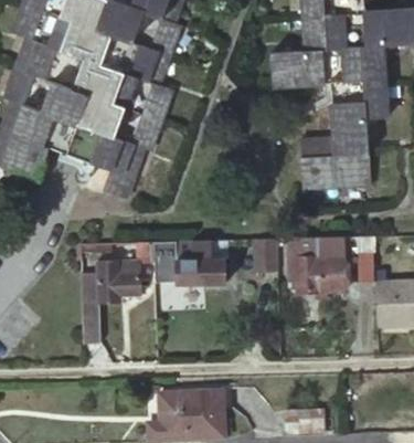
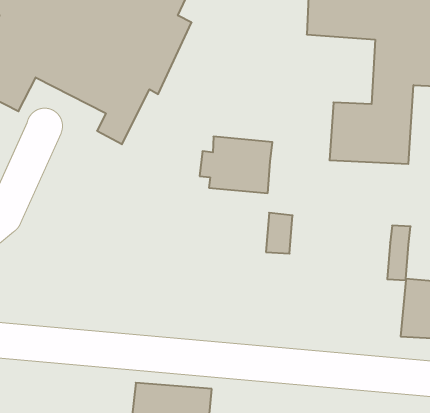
building: [290,238,343,292] -> none
building: [168,240,226,284] -> [200,137,272,193]
building: [83,242,152,341] -> none

